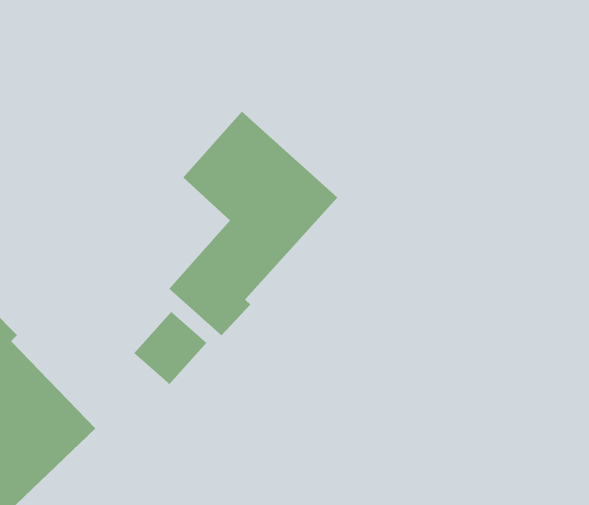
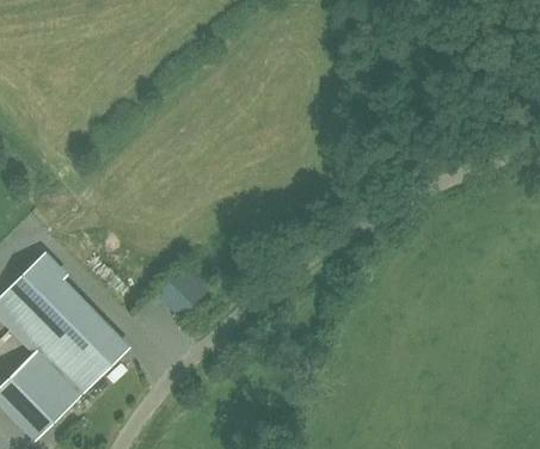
building: [168,111,338,336] -> none

